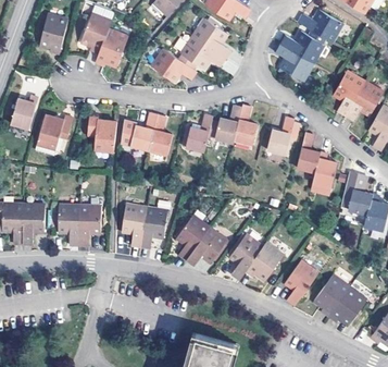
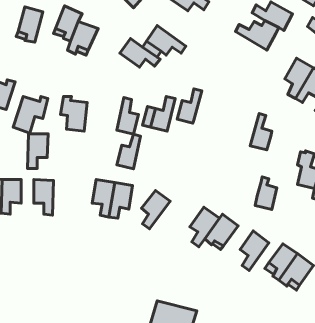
building: [193,20,231,59] -> none
building: [274,42,314,82] -> none
building: [234,105,258,145] -> none
building: [130,113,157,151] -> [117,134,141,169]
building: [266,118,295,155] -> none
building: [312,152,336,188] -> [255,177,277,210]
building: [78,207,101,245] -> [27,134,48,168]
building: [185,230,225,266] -> none

